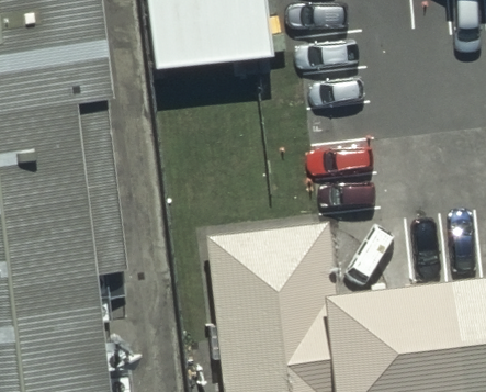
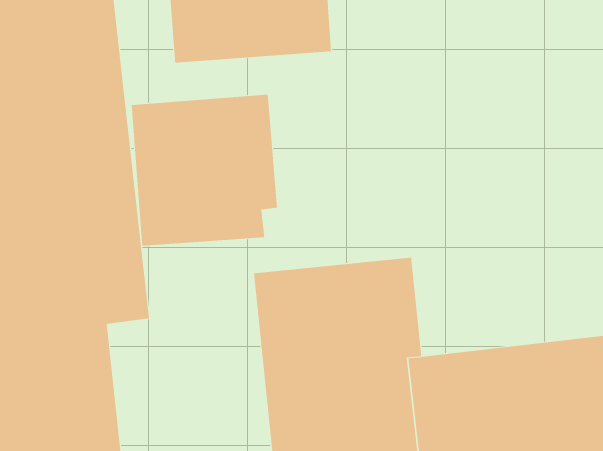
building: none -> [131,94,277,247]

